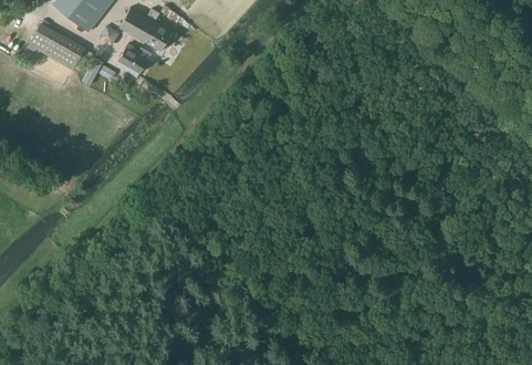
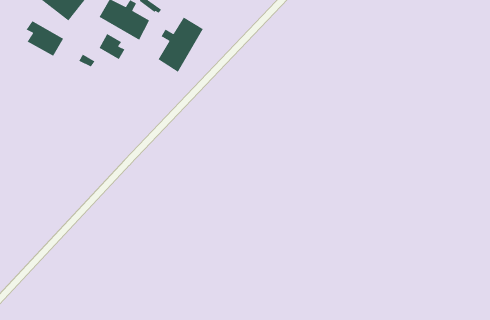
building: none -> [157,17,204,73]

